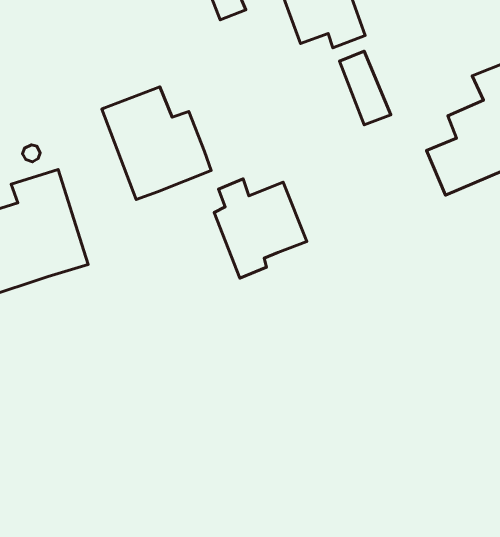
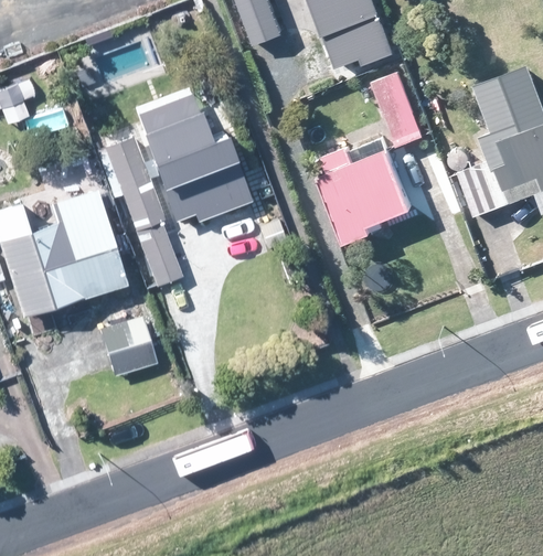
building: none -> [105,136,180,284]
building: [214,179,307,278] -> [318,147,409,245]
building: none -> [99,316,156,373]

